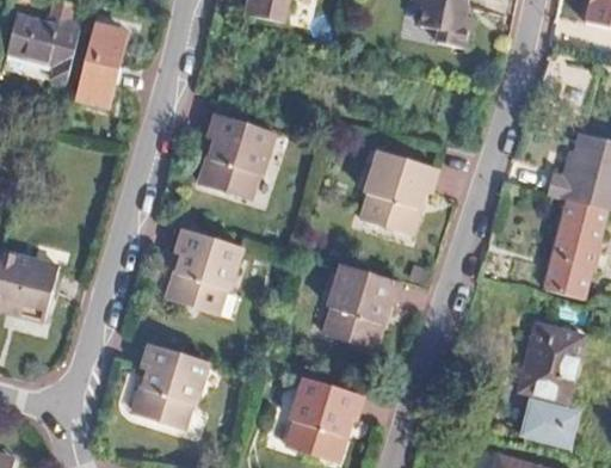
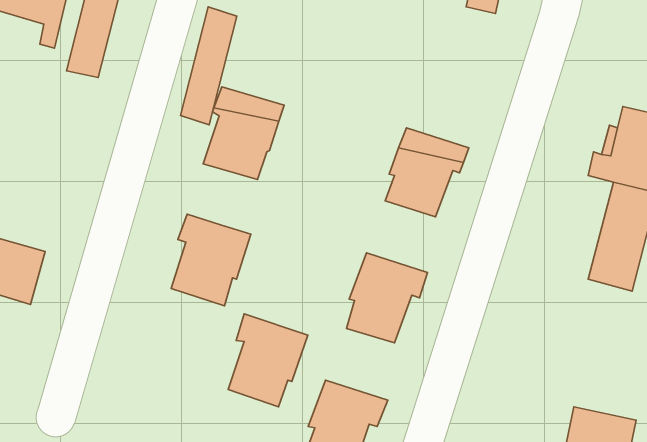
building: none -> [180,7,237,125]
building: [519,325,584,401] -> none
building: [137,344,209,427] -> [228,314,308,407]

